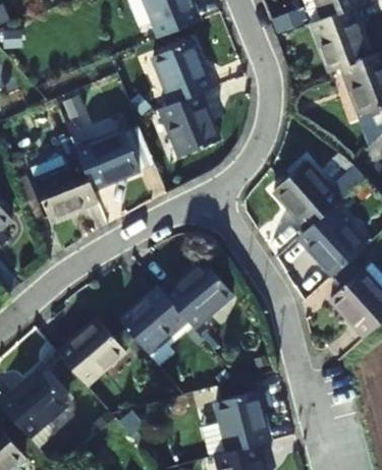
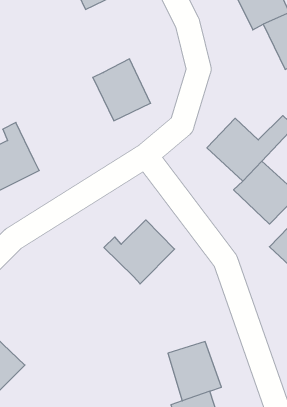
building: [152,42,211,106] -> none
building: [76,131,139,190] -> none
building: [119,288,186,355] -> none
building: [56,319,124,387] -> none

